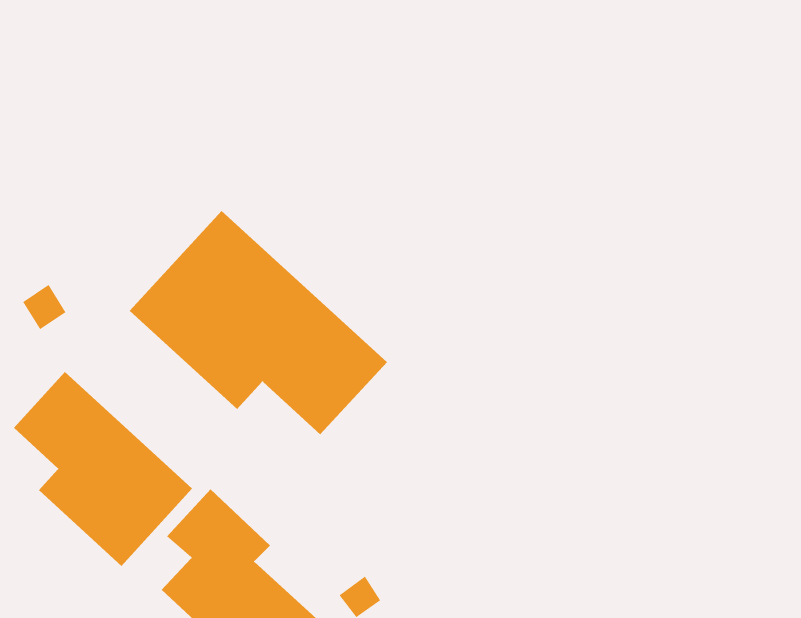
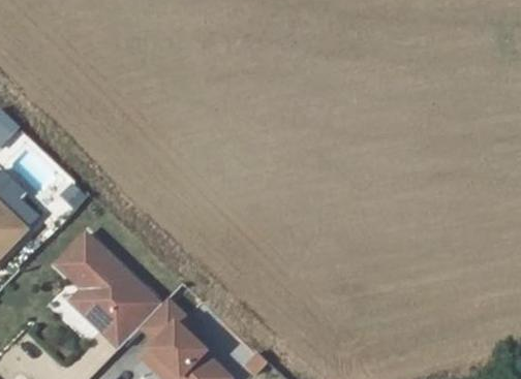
building: [129,210,388,435] -> none

